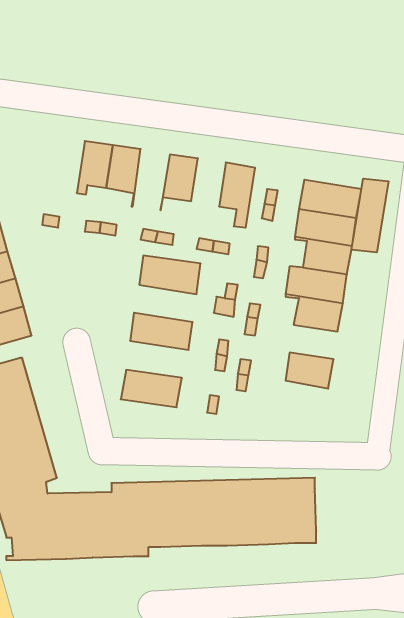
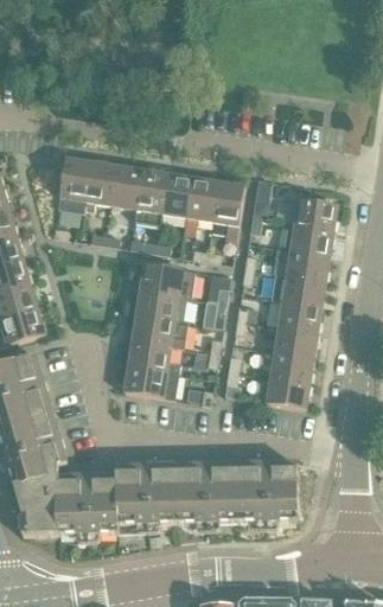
building: none -> [56,155,90,211]
building: none -> [133,167,166,222]
building: none -> [185,175,216,218]
building: [352,179,388,252] -> none
building: none -> [134,288,190,321]
building: none -> [273,324,315,354]
building: none -> [127,338,178,371]
building: none -> [264,373,307,407]

